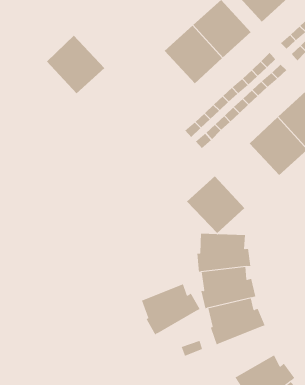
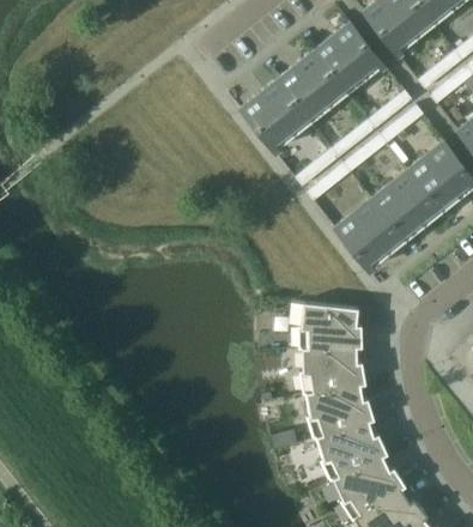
building: [46,35,105,94] -> [241,79,311,151]
building: [186,176,245,234] -> [334,199,405,269]
building: [141,283,200,335] -> [317,422,388,481]

